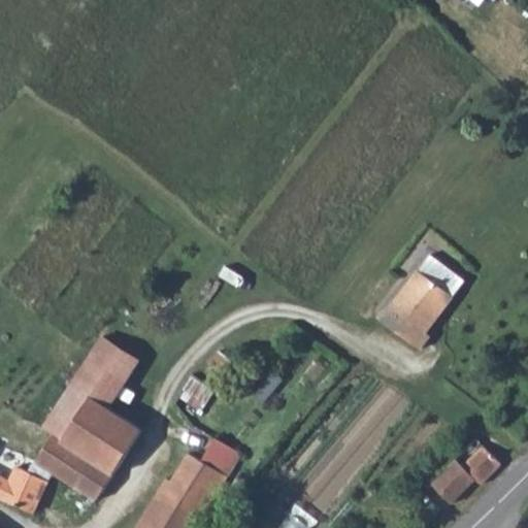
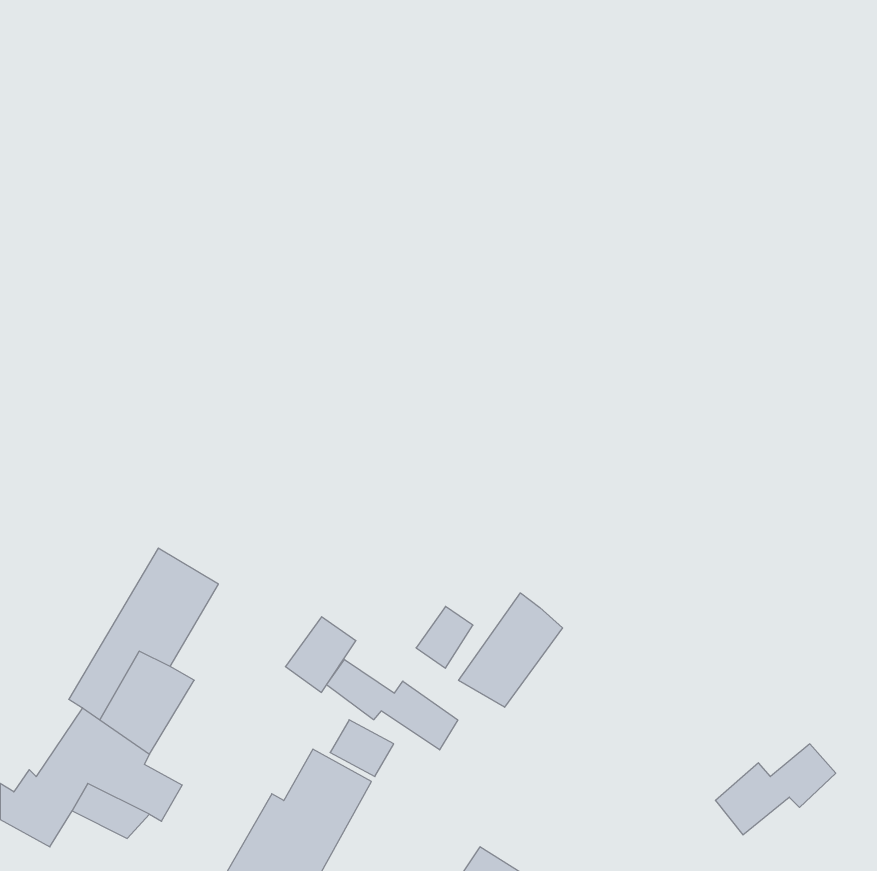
building: [383,258,467,349] -> none
building: none -> [459,593,563,707]
building: none -> [327,659,458,750]
building: [88,412,141,475] -> none

